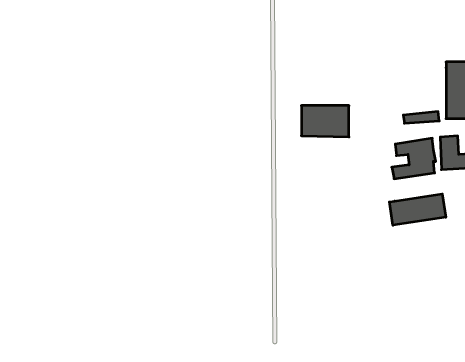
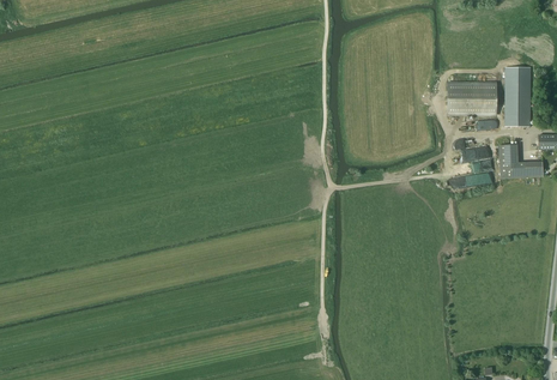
building: [301,106,349,137] -> [448,83,497,115]
building: [389,194,446,225] -> none

